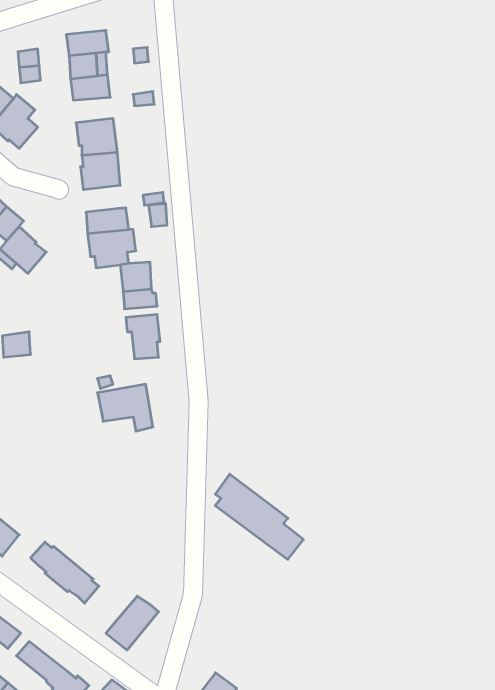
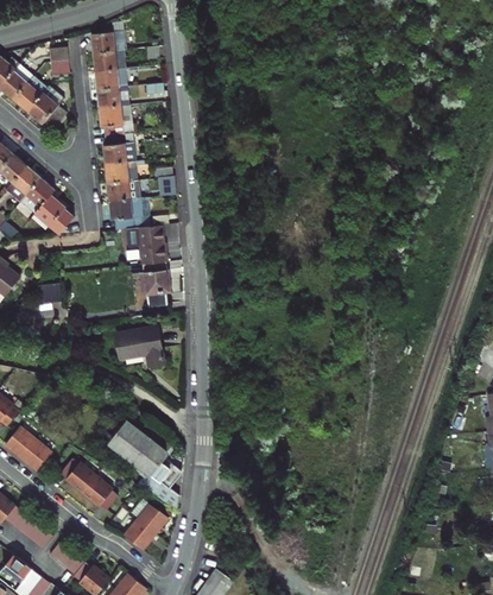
building: none -> [96,88,128,109]
building: none -> [105,162,141,184]
building: [215,474,303,559] -> [108,418,182,489]

